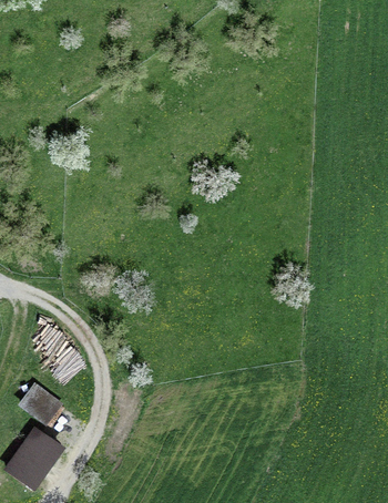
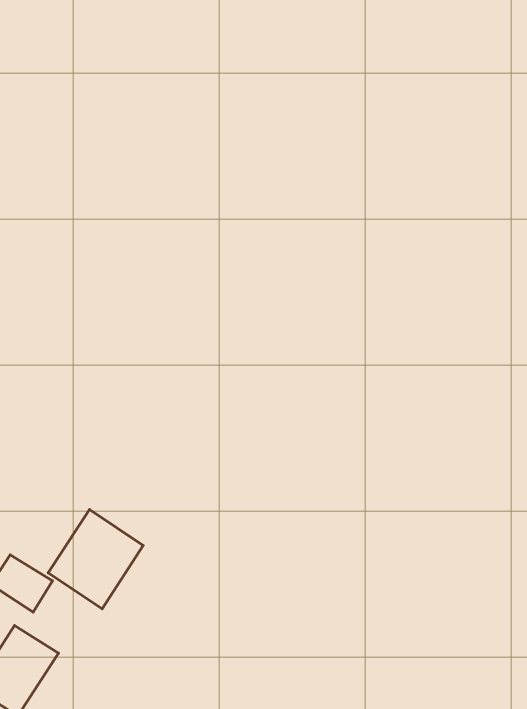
building: none -> [48,510,143,609]

